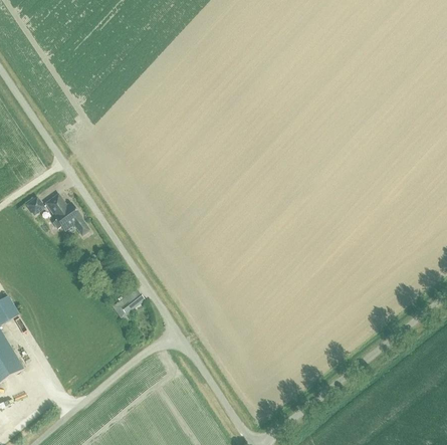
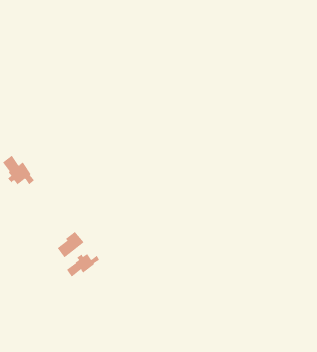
building: none -> [66,253,100,277]

